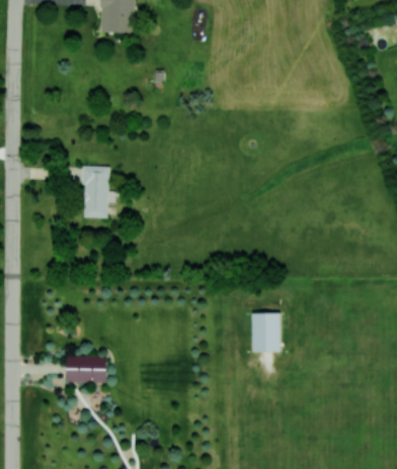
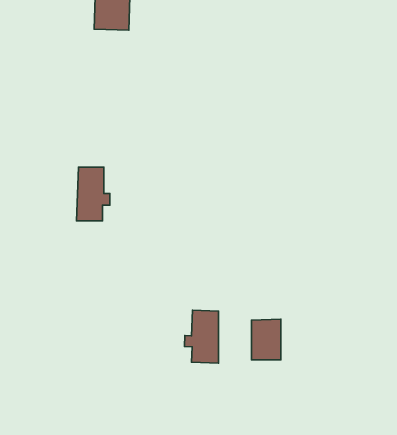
building: none -> [184,310,219,363]
building: [66,356,106,382] -> none

